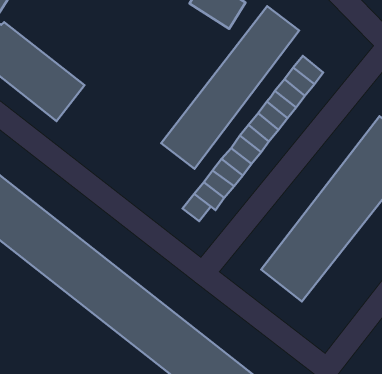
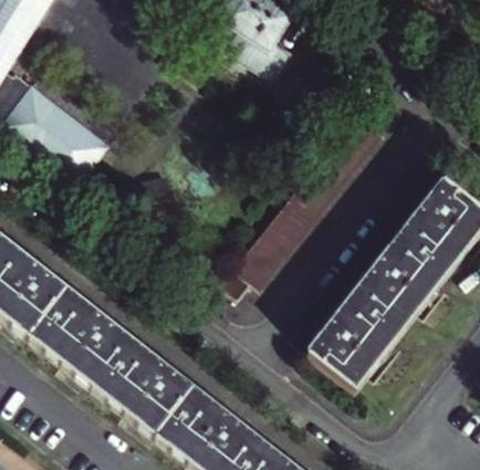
building: [161,6,299,169] -> none

